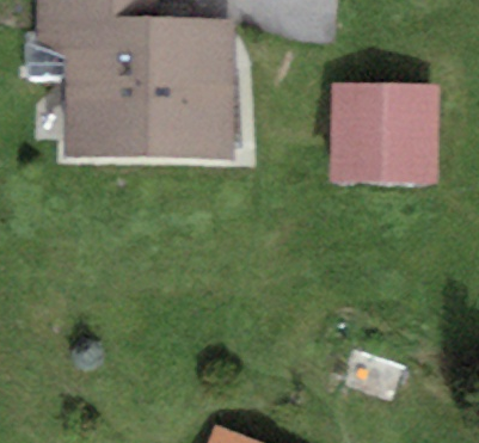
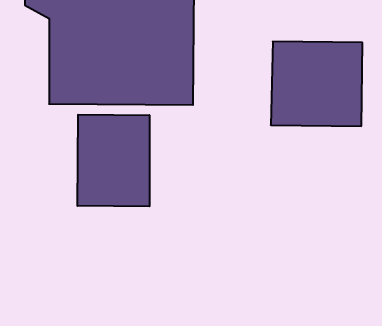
building: none -> [77,115,149,206]

